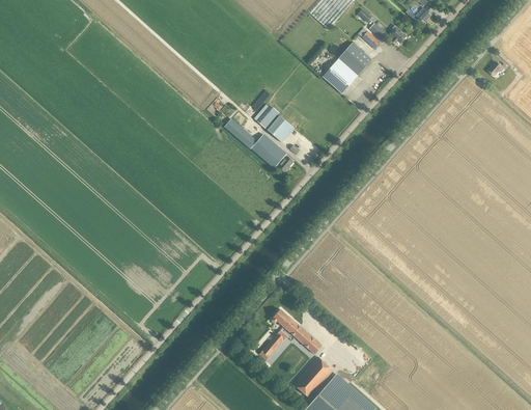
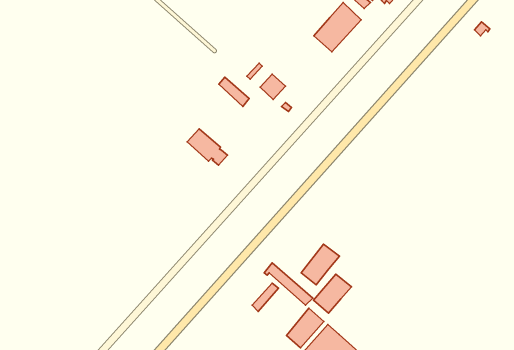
building: [252,134,294,171] -> [187,129,228,165]
building: none -> [301,244,339,285]
building: none -> [314,274,351,313]

